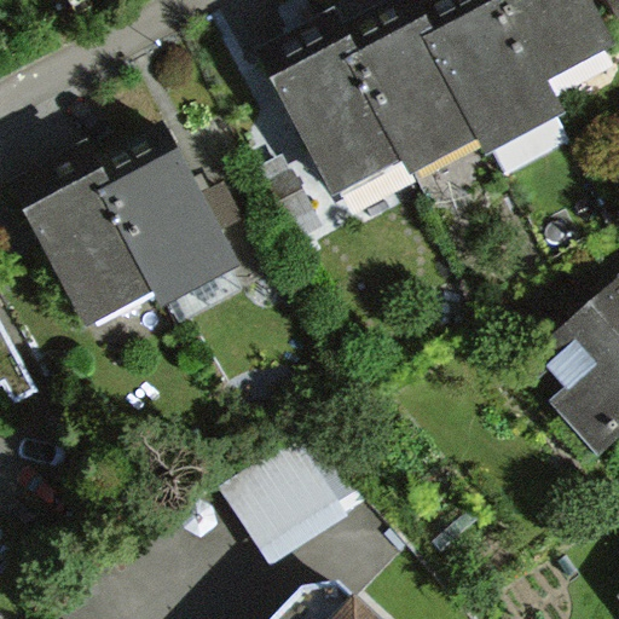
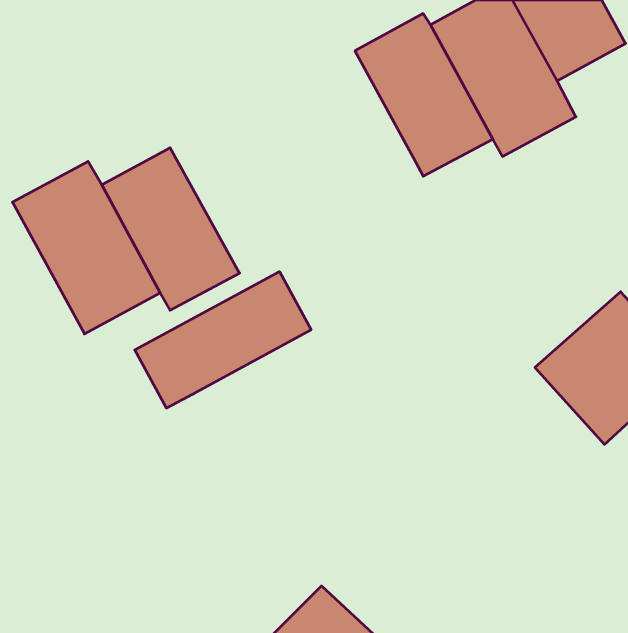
building: [265,27,409,195] -> none
building: none -> [135,272,311,408]
building: [231,439,361,565] -> none

